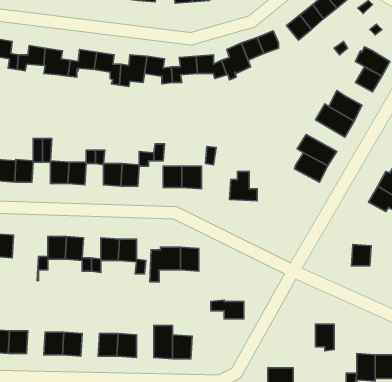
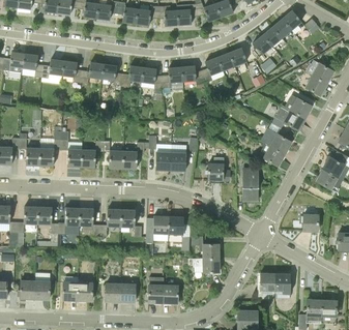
building: none -> [242,170,258,202]
building: none -> [37,207,58,246]
building: none -> [188,236,219,259]
building: none -> [257,273,274,298]

